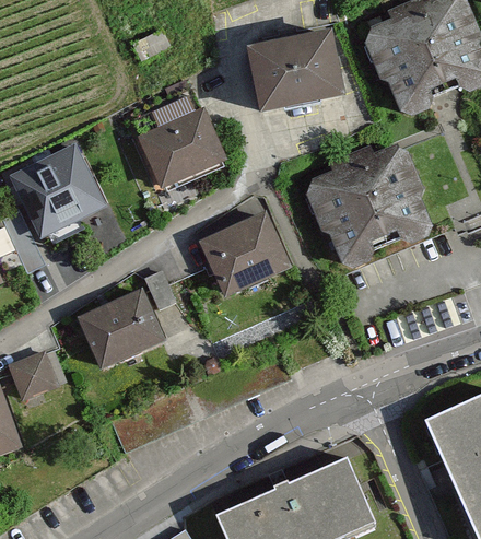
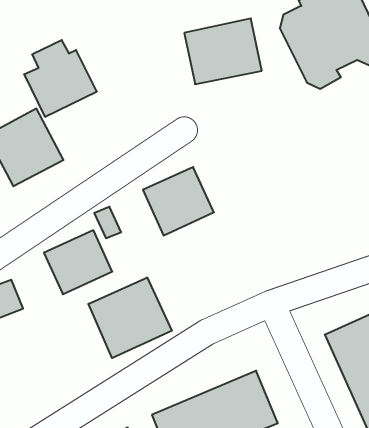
building: [140,95,228,188] -> [24,40,97,117]
building: [307,139,442,267] -> none
building: none -> [88,277,172,358]

